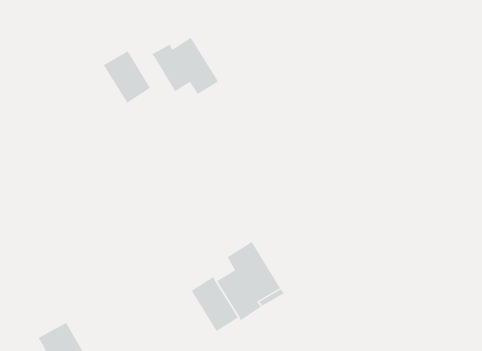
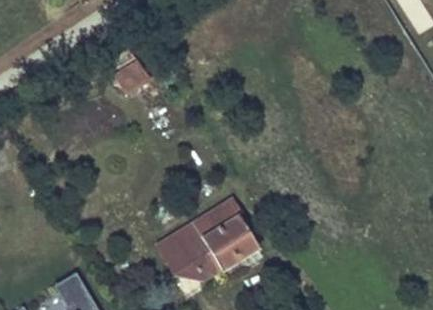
building: [151,37,219,95] -> none
building: none -> [159,218,217,289]

